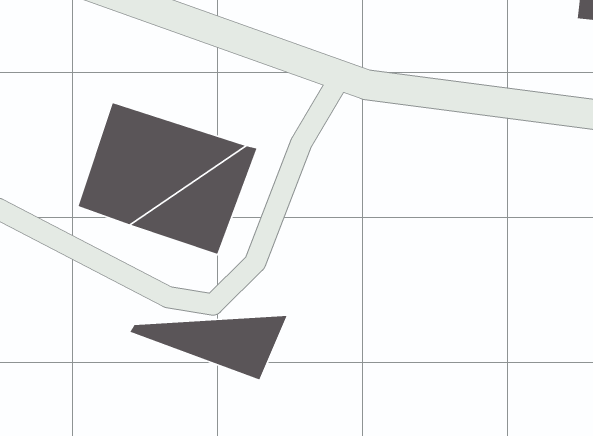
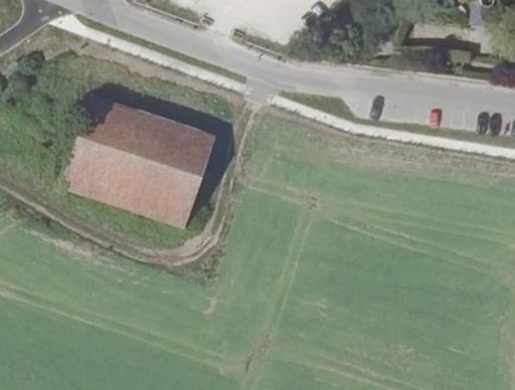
building: [129,315,288,381] -> none

